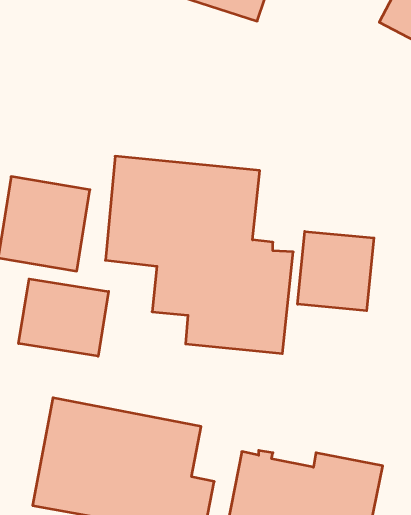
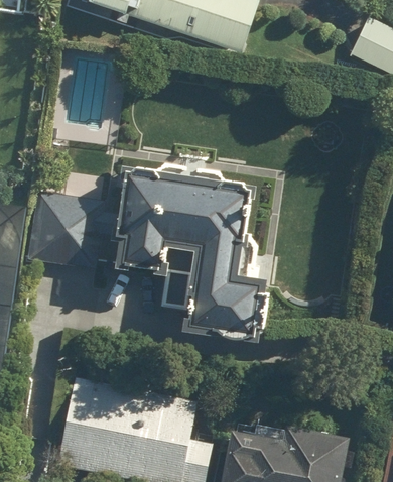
building: [298,231,374,311] -> none
building: [19,279,109,356] -> none

